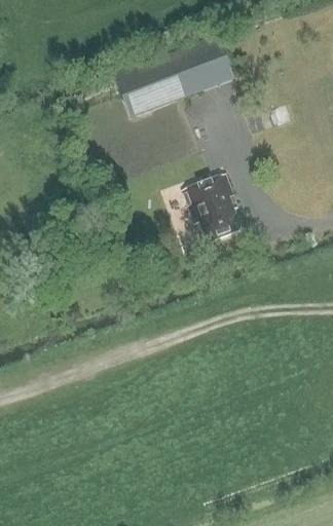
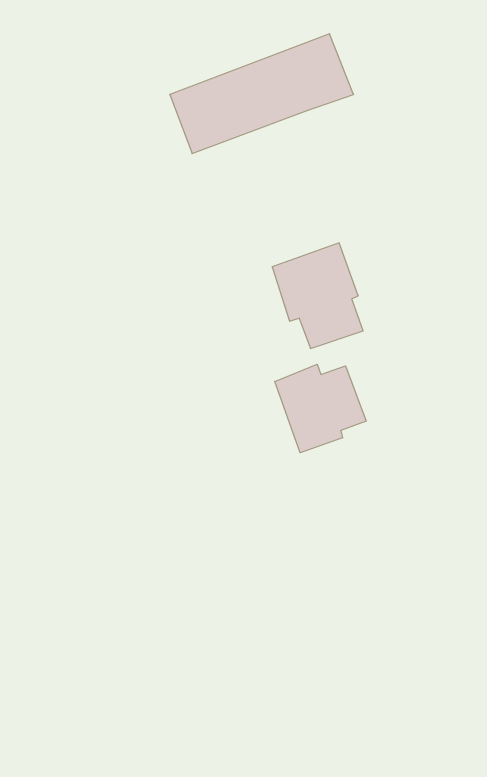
building: none -> [275,364,366,453]

